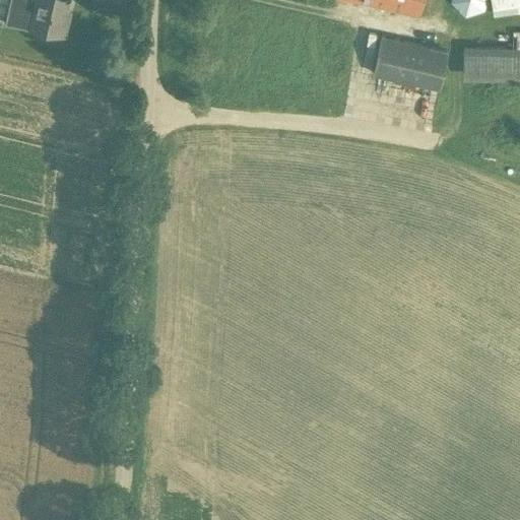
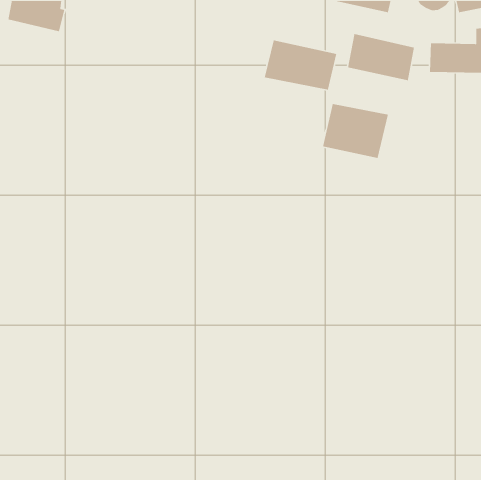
building: none -> [264,40,337,91]
building: none -> [322,103,389,159]

